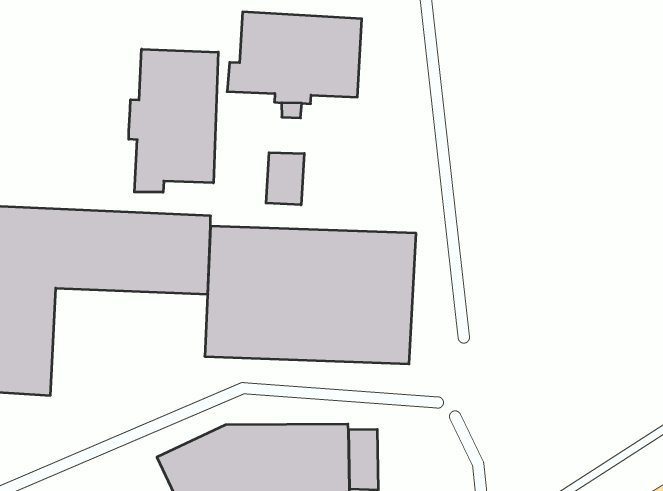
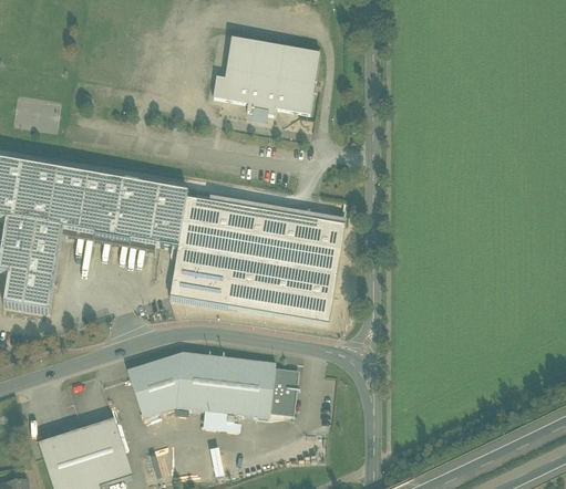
building: [129,49,218,192] -> none
building: [266,153,304,205] -> none

